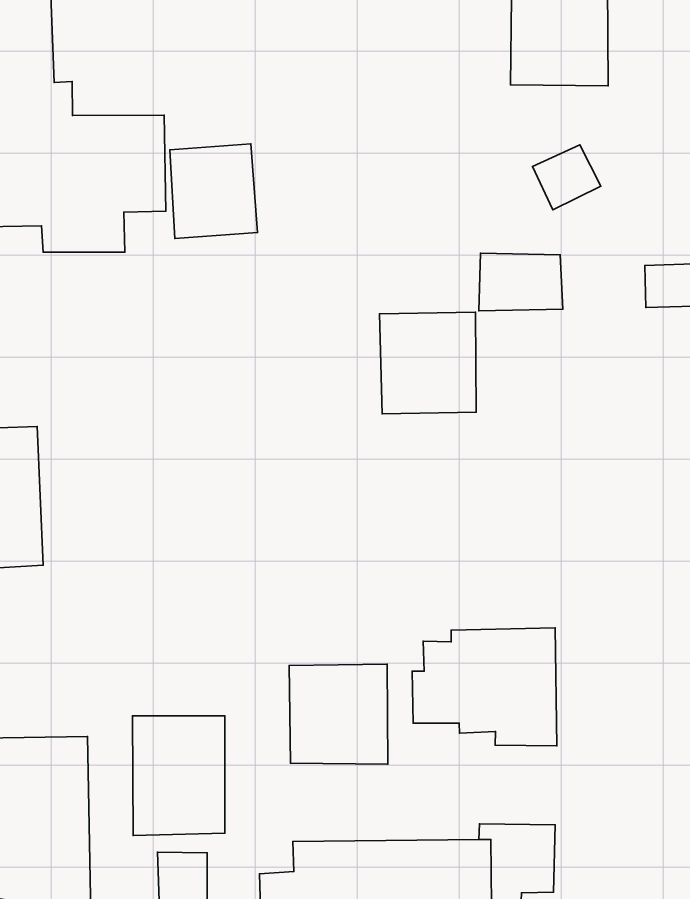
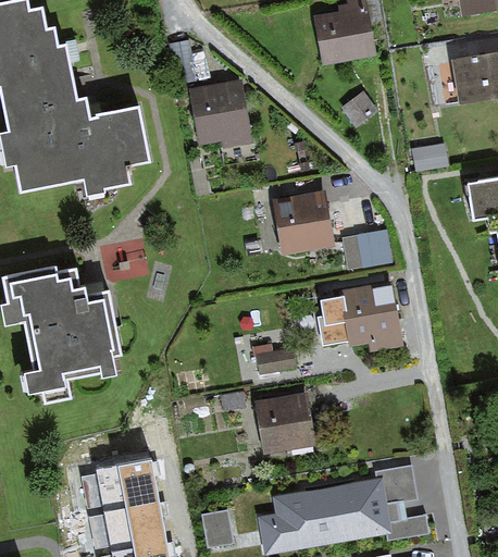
building: [170,144,257,238] -> [190,85,246,144]
building: [479,253,563,311] -> [345,231,395,269]
building: none -> [251,343,297,375]
building: [412,628,557,746] -> [319,280,404,349]
building: [133,716,225,835] -> none

